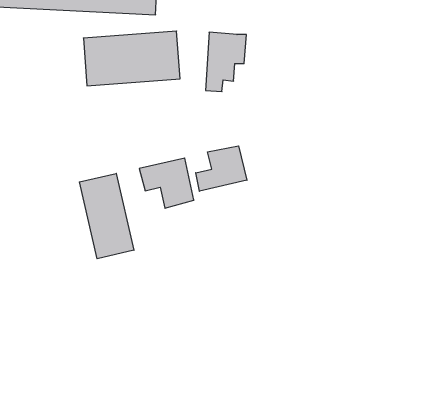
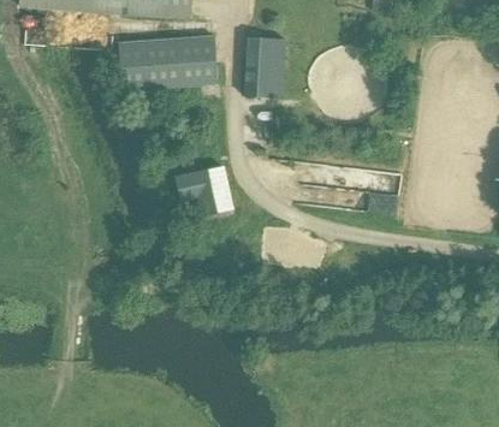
building: [196,146,247,191] -> none
building: [79,173,134,259] -> none

